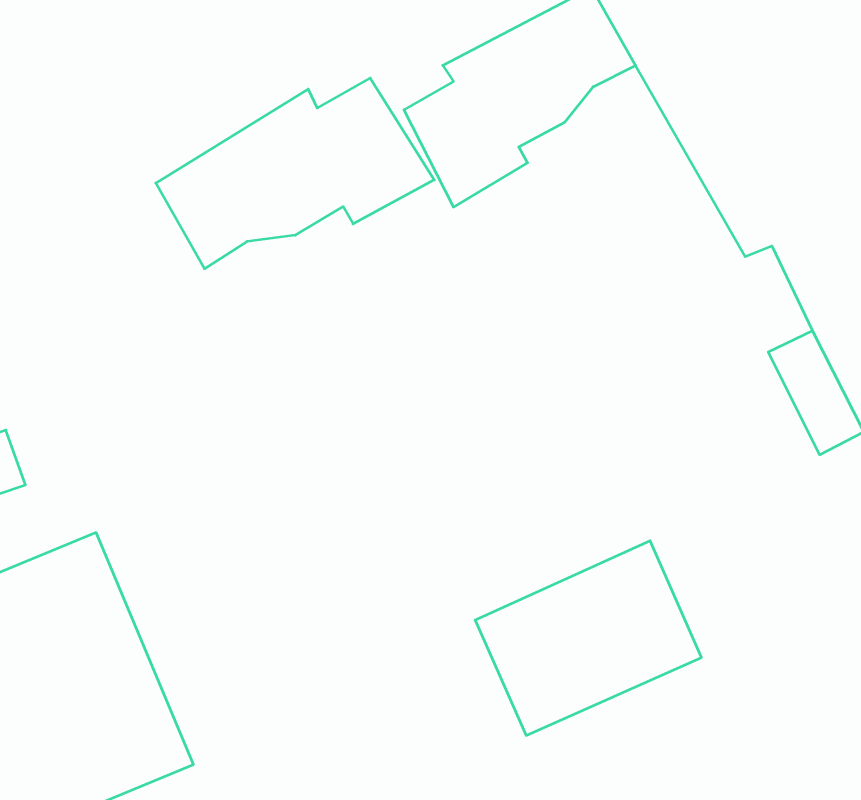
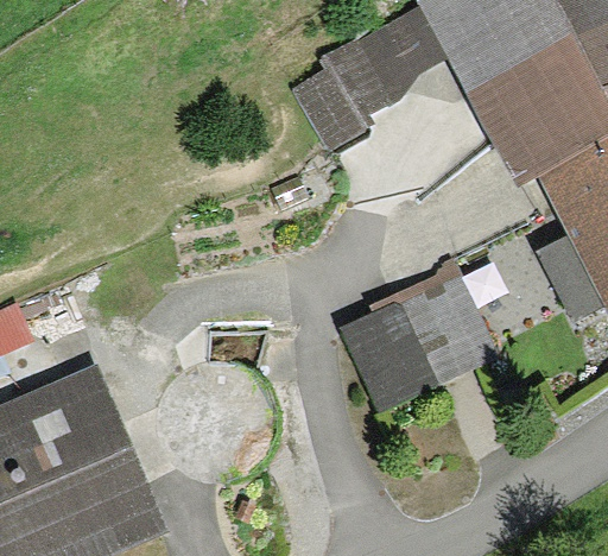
building: [156,78,434,269] -> none
building: [475,541,701,735] -> [341,276,493,406]

